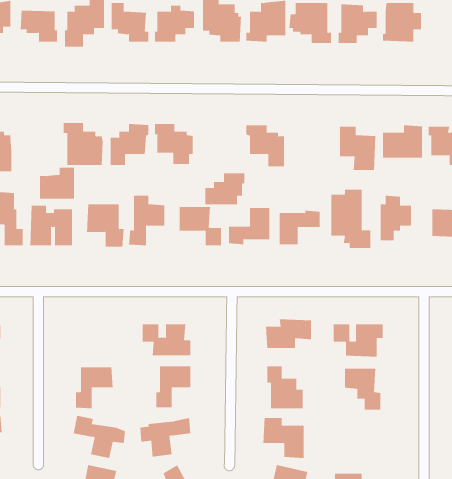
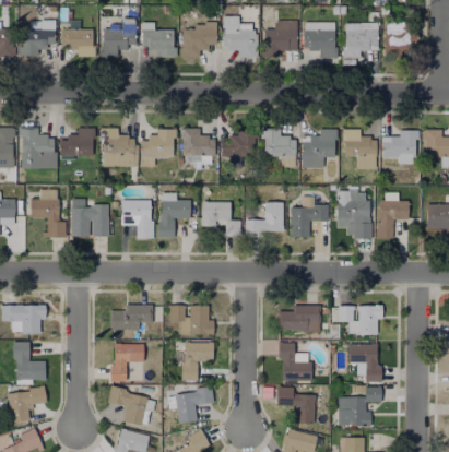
building: none -> [303,129,336,167]
building: [39,167,75,199] -> [60,128,92,156]
building: [205,173,245,205] -> [222,129,258,157]
building: none -> [110,305,152,331]
building: none -> [339,388,381,427]

